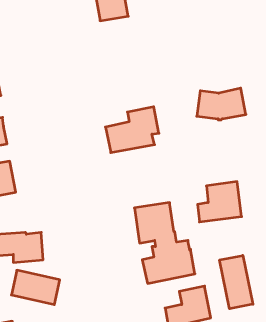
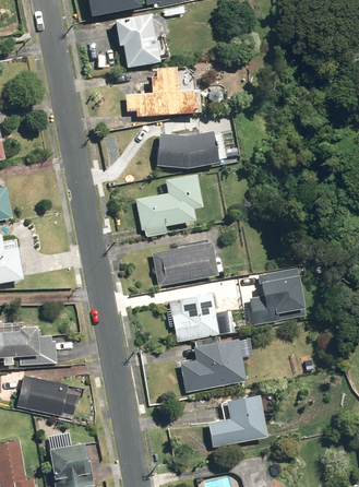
building: none -> [129,64,199,117]
building: [197,88,246,120] -> [157,130,218,169]
building: none -> [154,242,217,285]
building: [220,255,253,309] -> none

